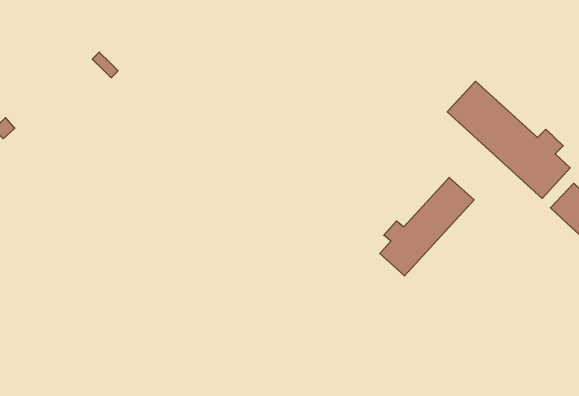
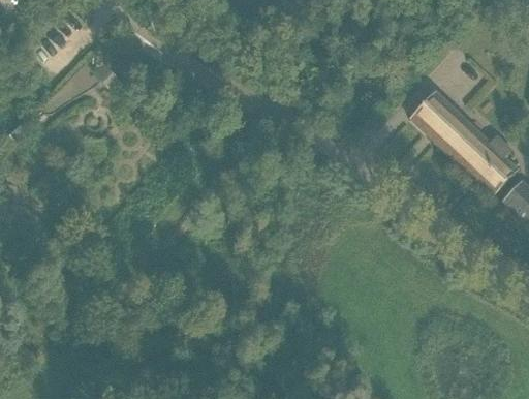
building: [380,177,474,276] -> none

